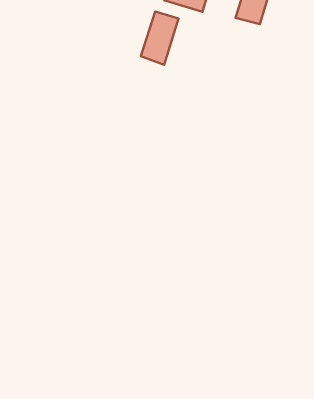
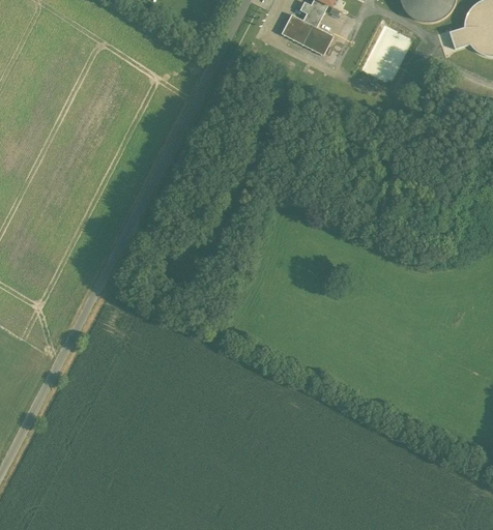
building: [141,11,179,65] -> none

